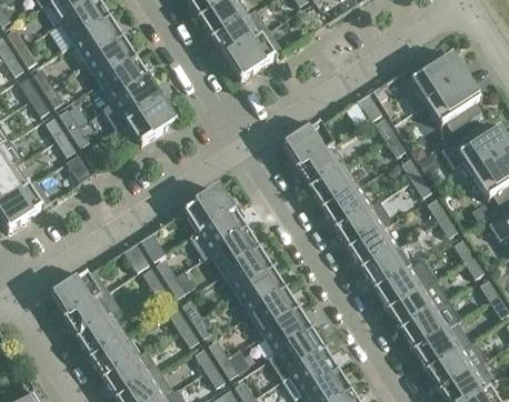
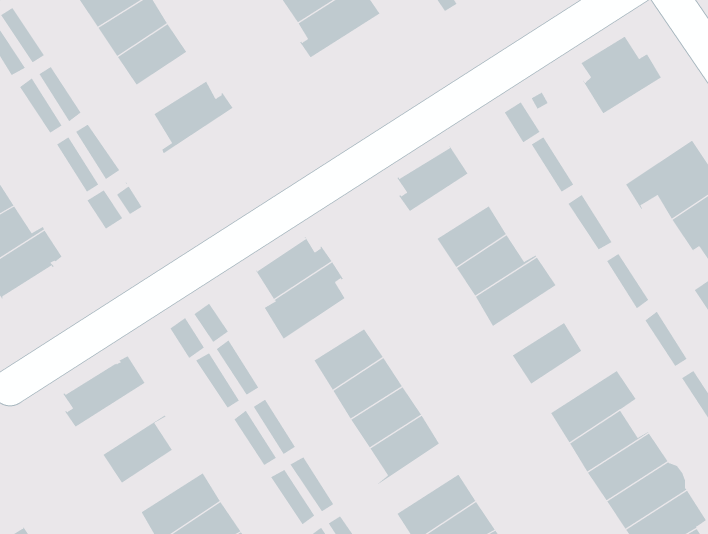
building: [221,32,282,81] -> none
building: [100,59,149,102] -> none
building: [425,77,481,131] -> none
building: [119,98,177,149] -> none
building: [290,143,346,189] -> none
building: [348,221,398,270] -> none
building: [202,230,259,273] -> none
building: [375,260,435,310] -> none
building: [58,289,120,339] -> none
building: [268,331,325,380] -> none
building: [90,335,147,379] -> none

